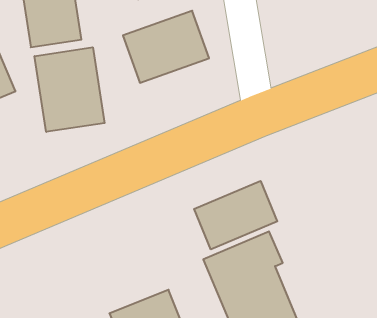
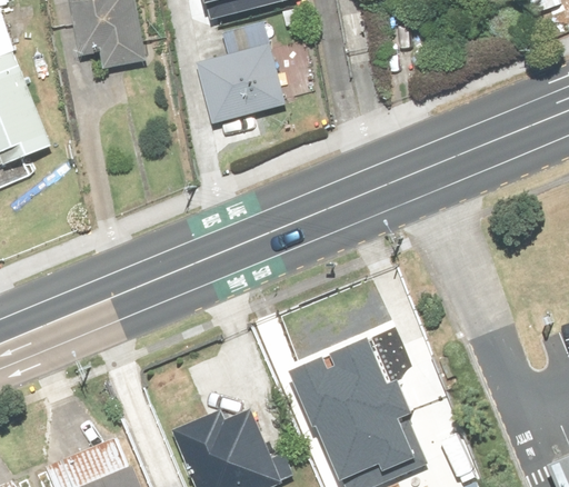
building: [35,47,105,132] -> none
building: [194,181,277,249] -> none

